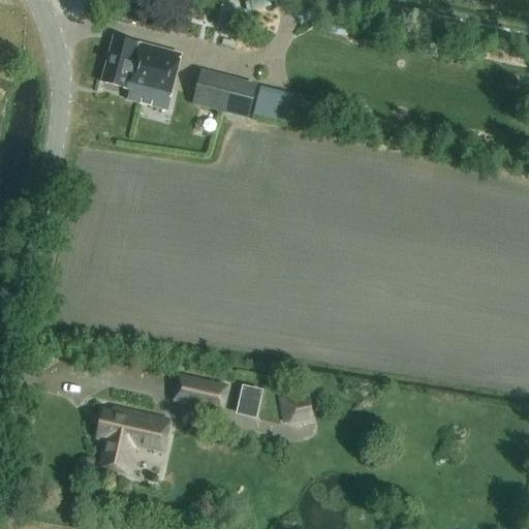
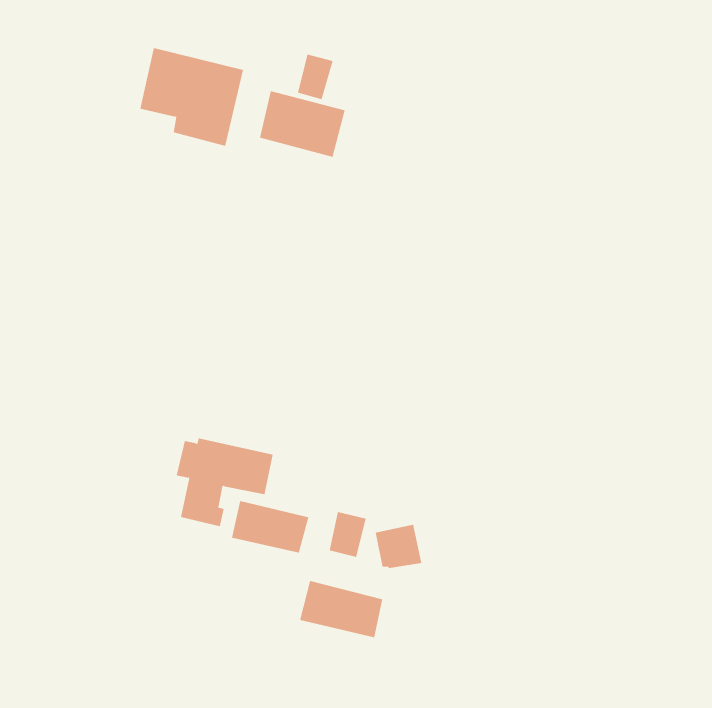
building: [253,84,280,118] -> [297,54,333,100]
building: [97,406,169,472] -> [176,438,273,527]
building: none -> [300,580,383,638]

